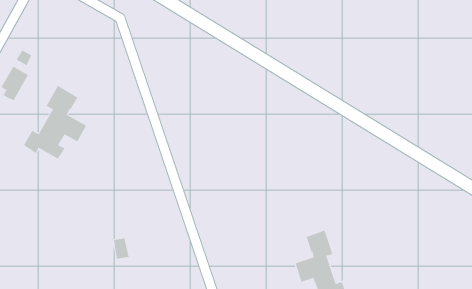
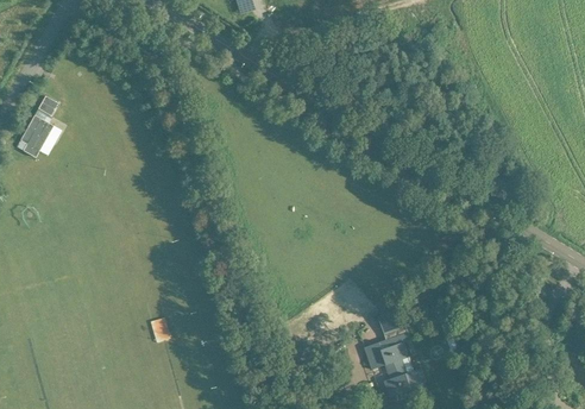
building: [23,85,87,159] -> none

